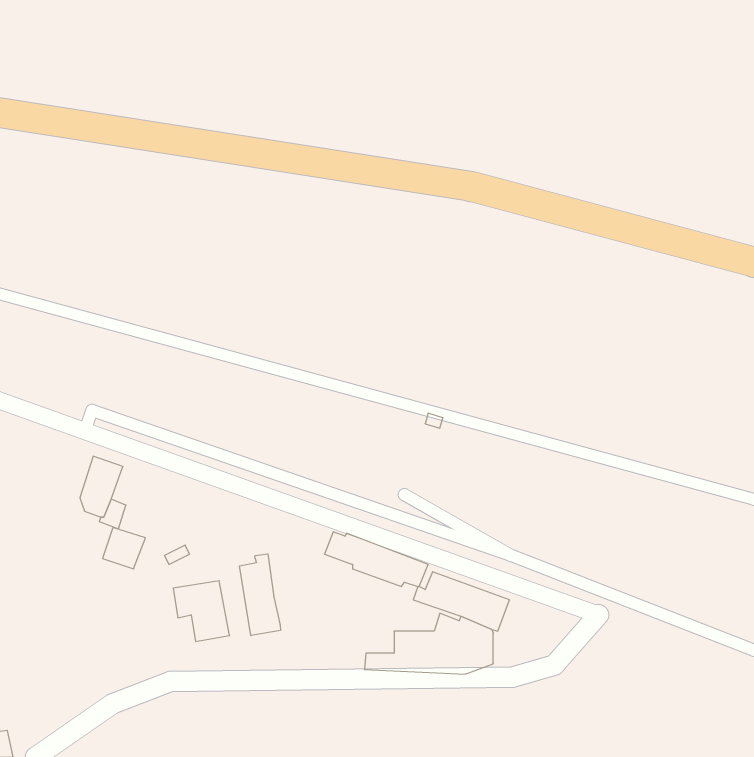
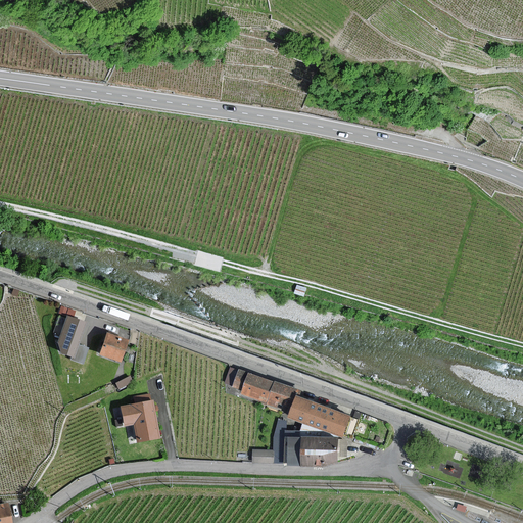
building: [103,528,145,569] -> [97,333,127,362]
building: [240,554,280,636] -> none

